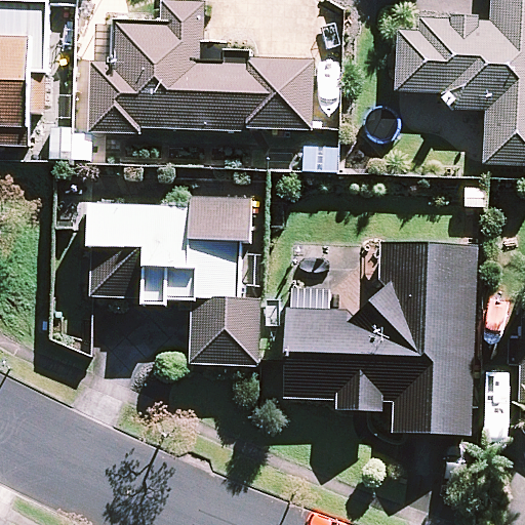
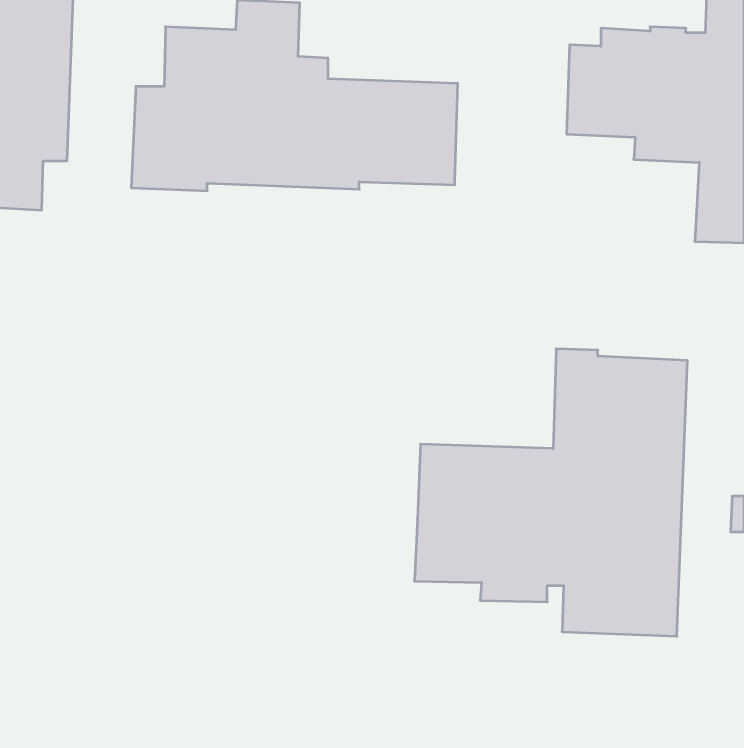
building: [89,195,262,364] -> none

